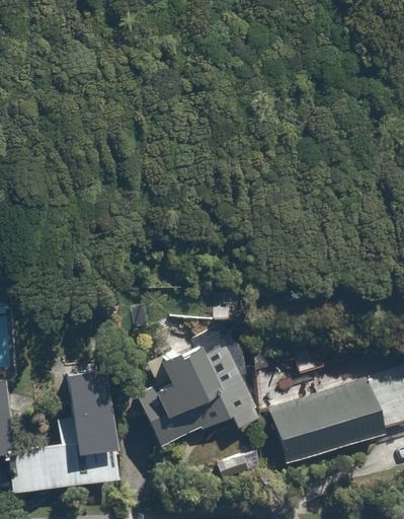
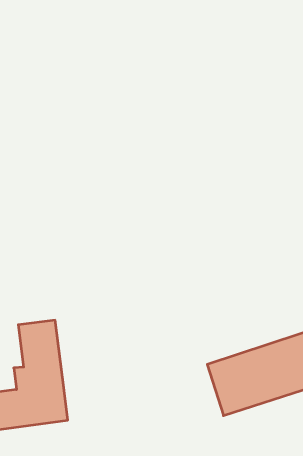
building: [145,330,266,449] -> none

